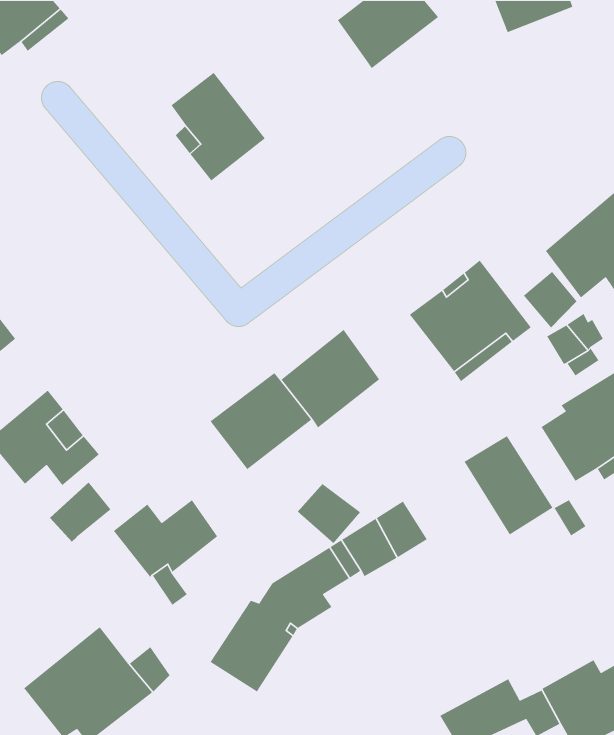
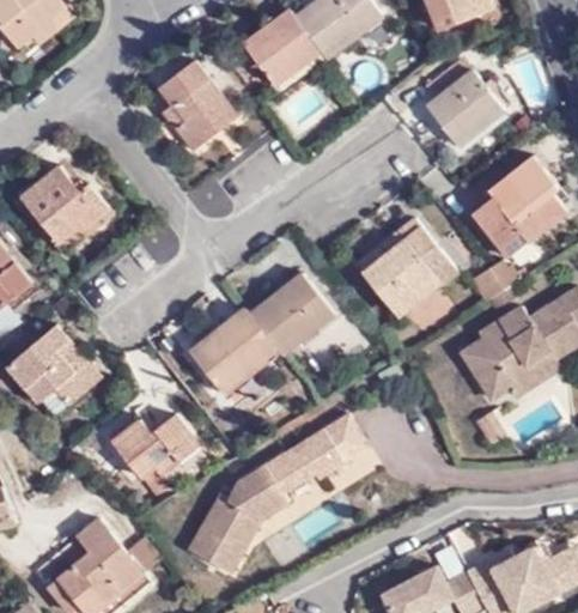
building: none -> [242,8,318,84]
building: none -> [426,72,499,145]
building: none -> [20,165,110,245]
building: [523,271,577,329] -> none
building: [464,435,553,535] -> none
building: [49,482,112,542] -> none
building: [297,483,361,544] -> none

